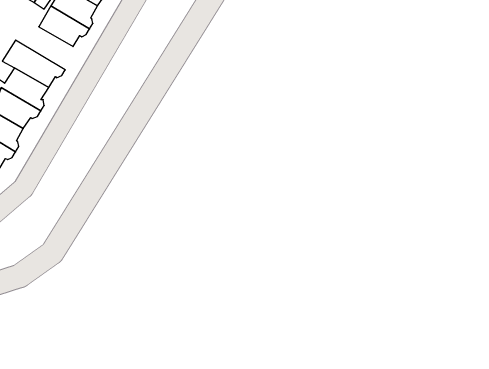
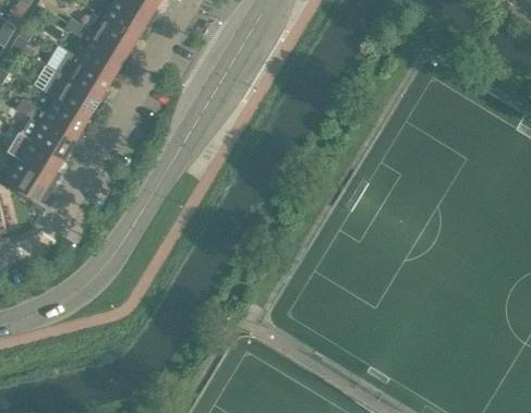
building: none -> [55,50,111,100]

